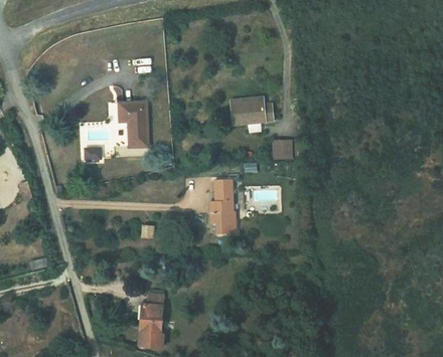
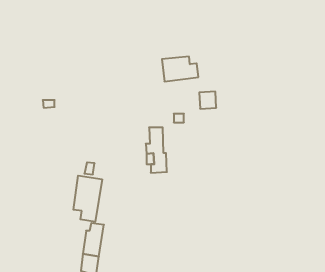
building: [122,104,151,147] -> none
building: none -> [73,176,102,222]

